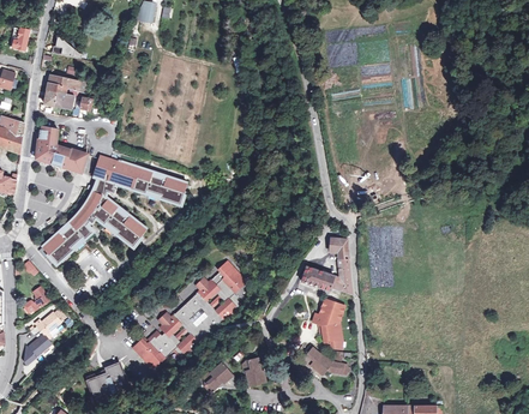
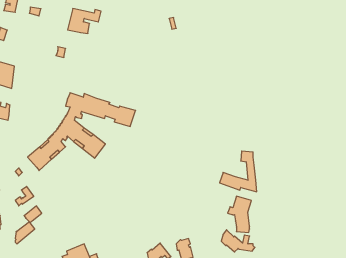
building: [43,74,89,108] -> [68,9,101,33]
building: [36,126,86,172] -> none
building: [132,260,246,368] -> none

